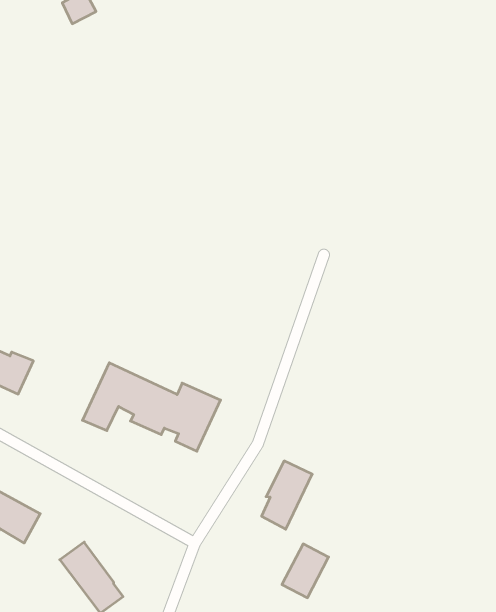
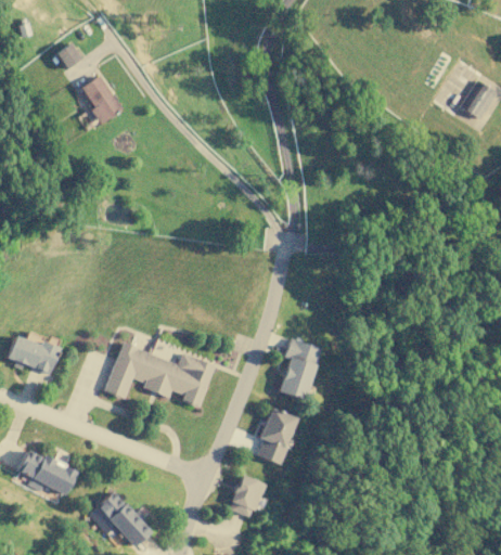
building: none -> [82,75,125,125]
building: none -> [280,338,320,399]
building: [282,544,329,598] -> [229,475,265,518]

